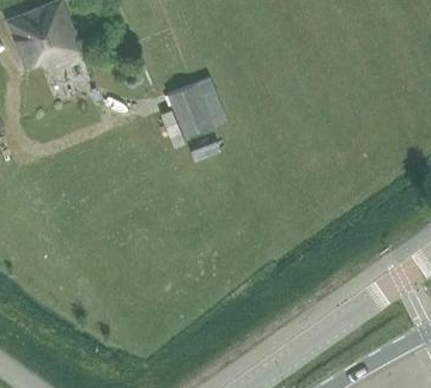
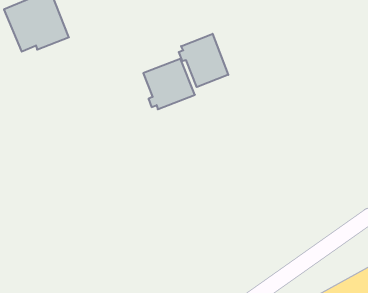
building: none -> [179,34,228,87]

